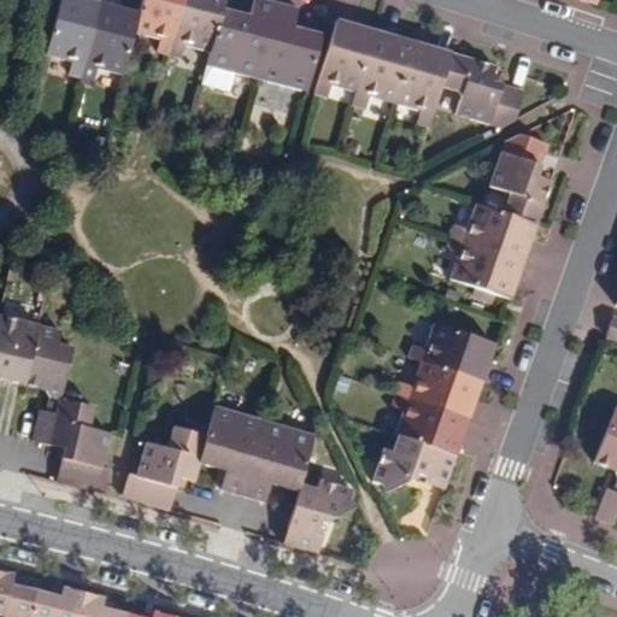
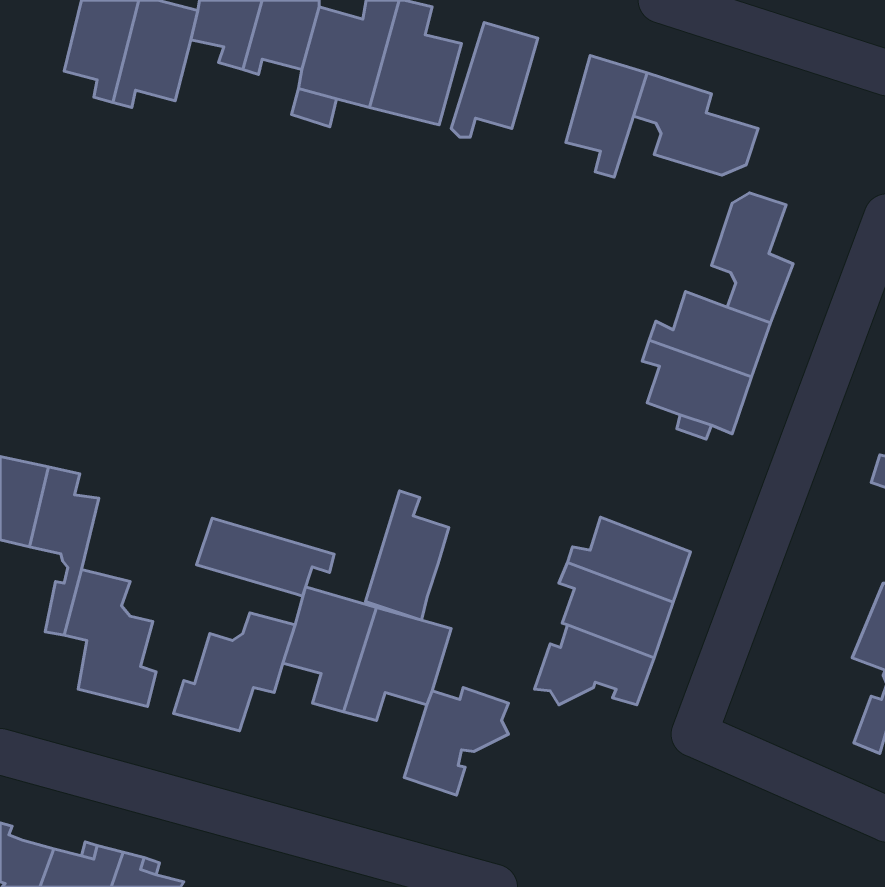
building: [352,27,411,107] -> none
building: [409,323,494,383] -> none
building: none -> [366,491,449,620]
building: none -> [196,518,334,596]

